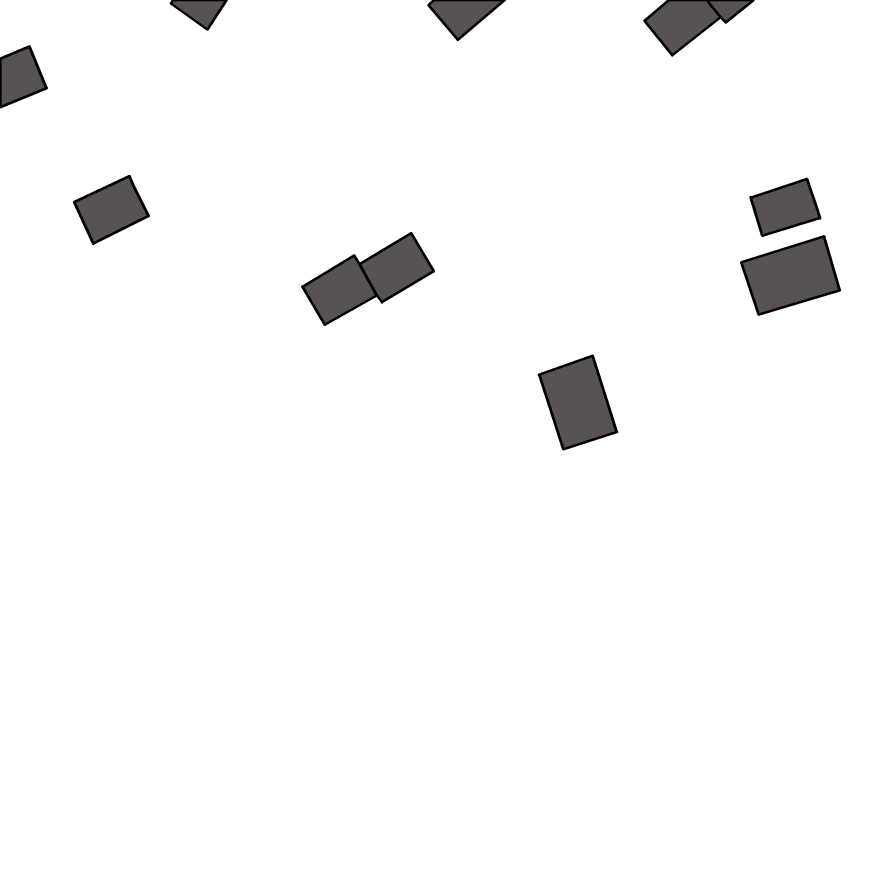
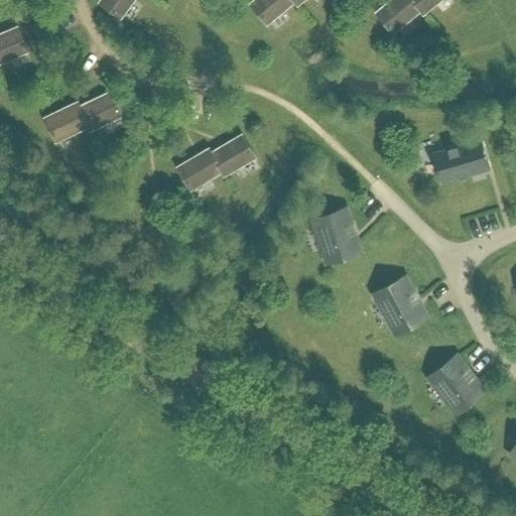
building: none -> [78,94,121,132]
building: [751,179,820,236] -> none
building: none -> [375,278,426,334]
building: none -> [429,357,484,413]

